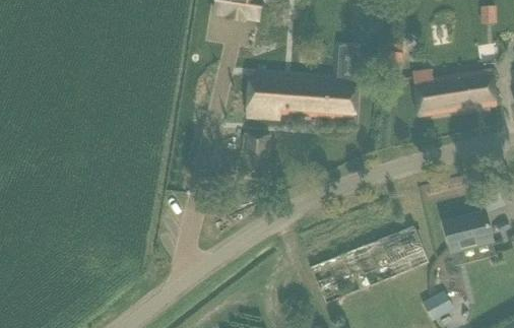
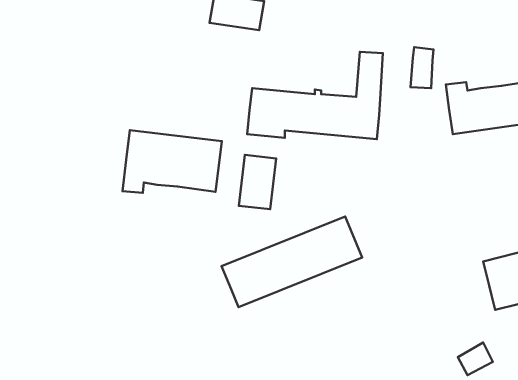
building: none -> [122,130,222,193]
building: [311,224,429,301] -> [222,216,362,307]

